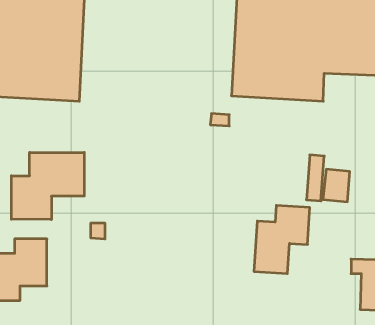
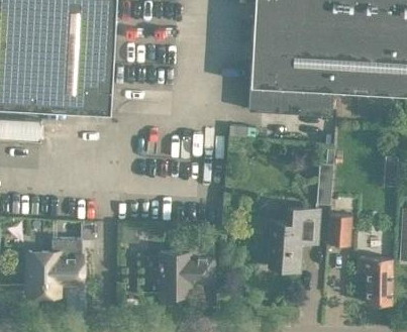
building: [11,152,84,220] -> none
building: [323,169,350,202] -> [326,217,350,246]
building: none -> [159,240,213,297]

